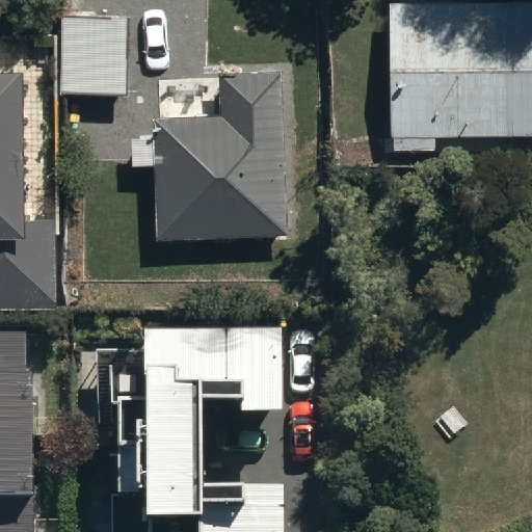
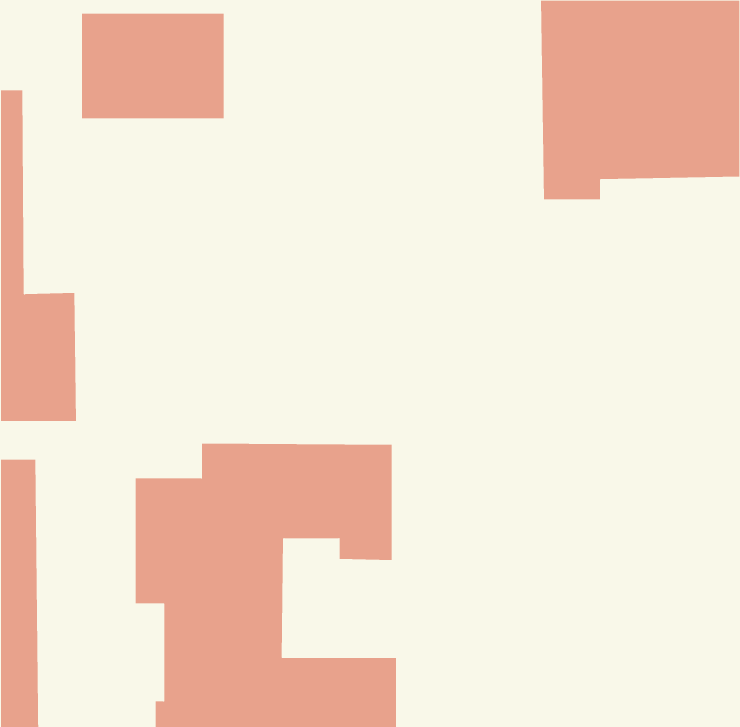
building: [153,72,284,238] -> none

